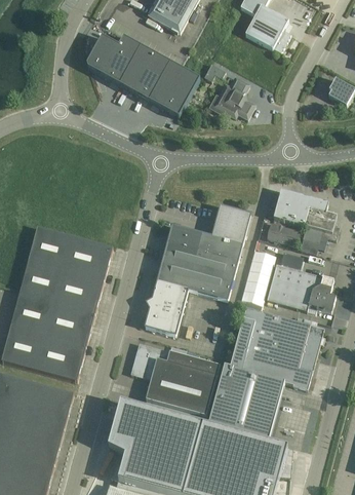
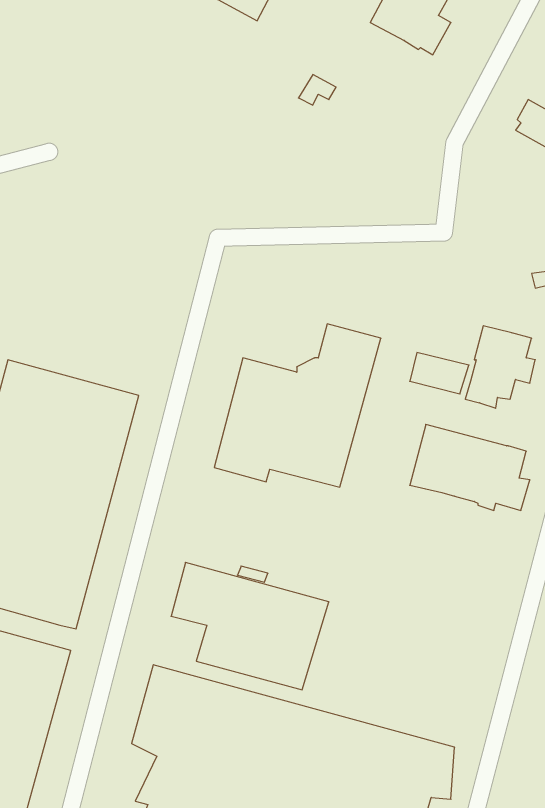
building: [86,35,198,116] -> none
building: [209,76,254,117] -> none
building: [273,189,327,226] -> none
building: [240,249,275,304] -> none
building: [145,288,185,334] -> none
building: [207,306,324,439] -> none

